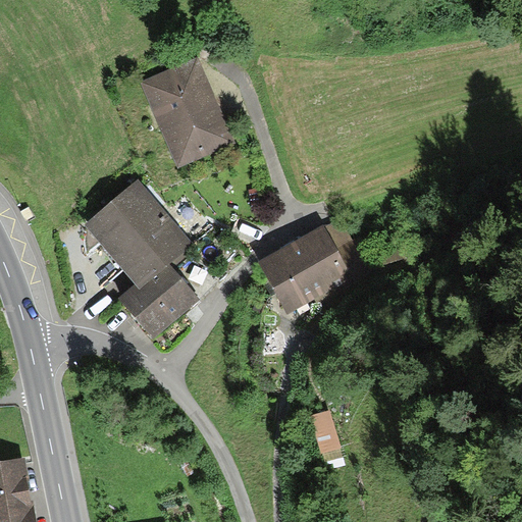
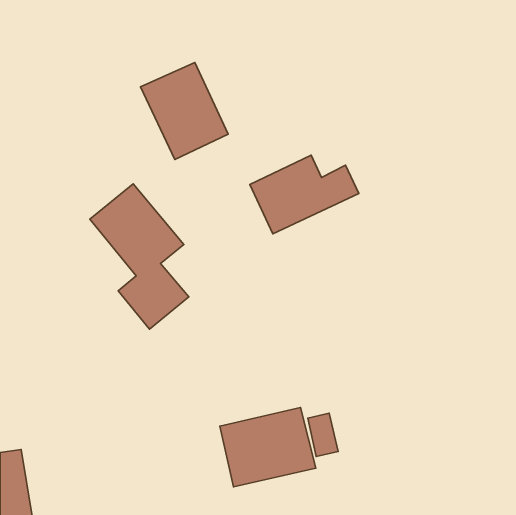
building: [260,227,370,307] -> [250,155,359,234]
building: none -> [220,407,316,487]

